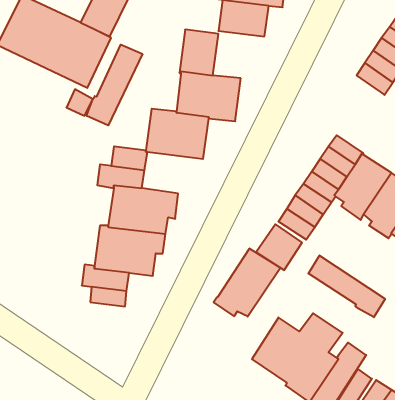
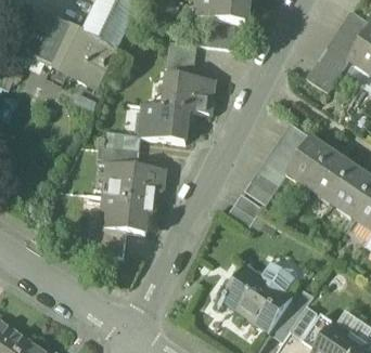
building: [87,45,142,125] -> none
building: [214,248,280,317] -> none
building: [308,255,385,317] -> none

